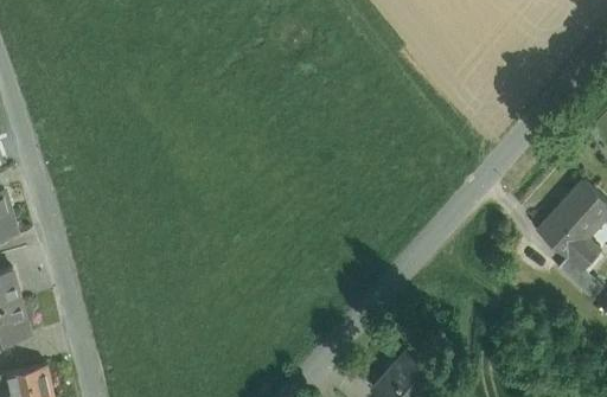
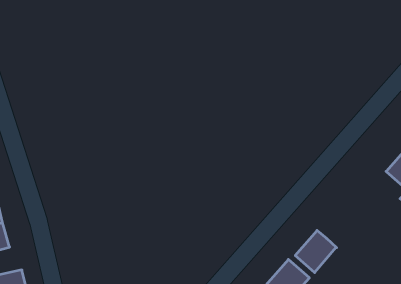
building: none -> [295,230,337,273]

